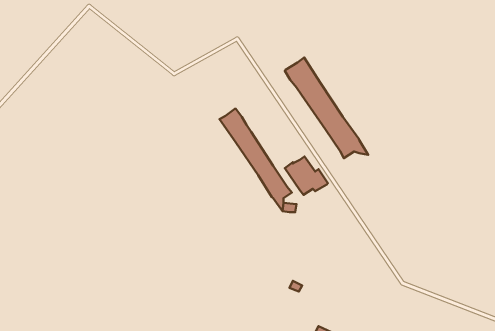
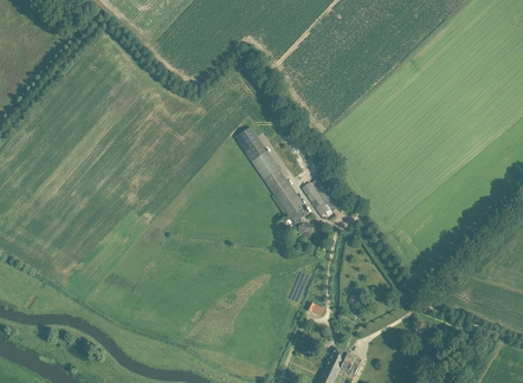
building: [285,57,368,158] -> none

